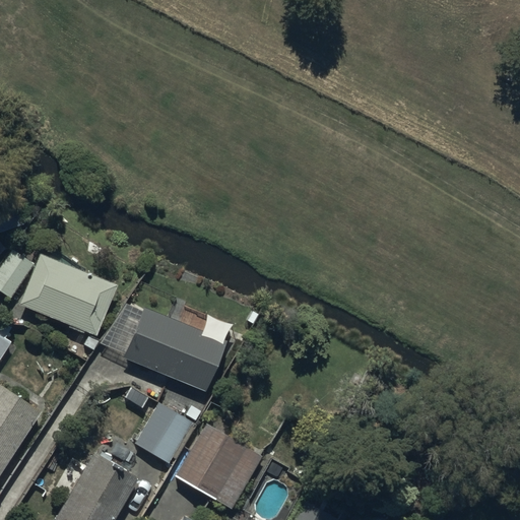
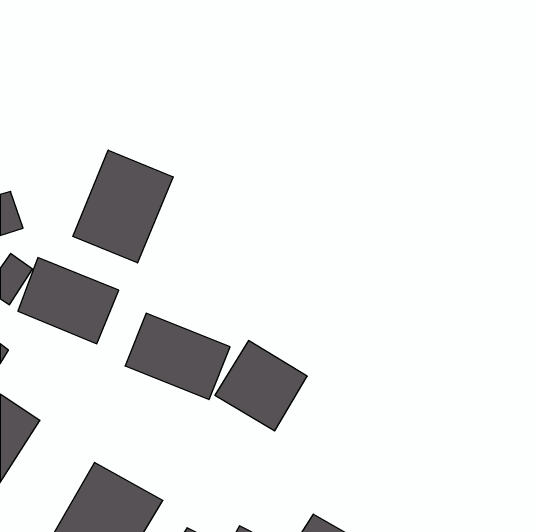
building: none -> [73,150,173,263]
building: [134,403,192,465] -> none
building: [173,424,262,511] -> [215,341,307,431]

